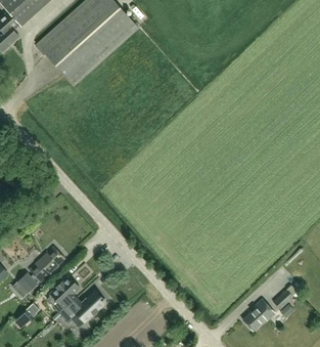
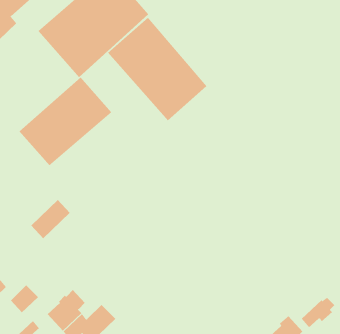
building: none -> [107,17,207,121]
building: none -> [19,76,112,166]
building: [29,247,64,283] -> [31,199,71,239]

